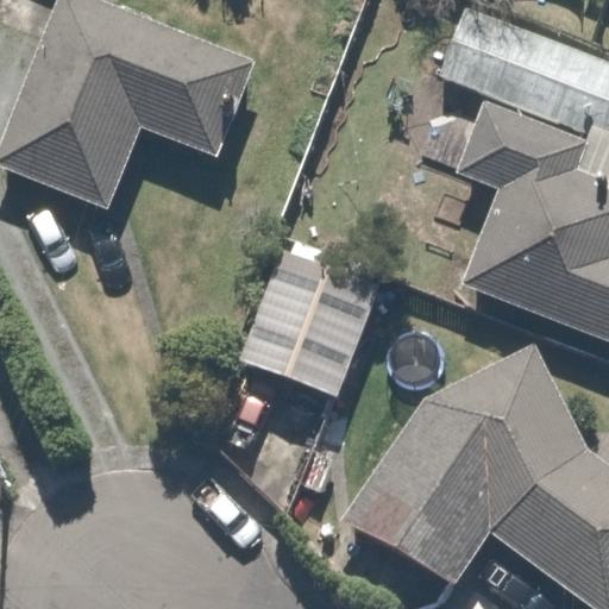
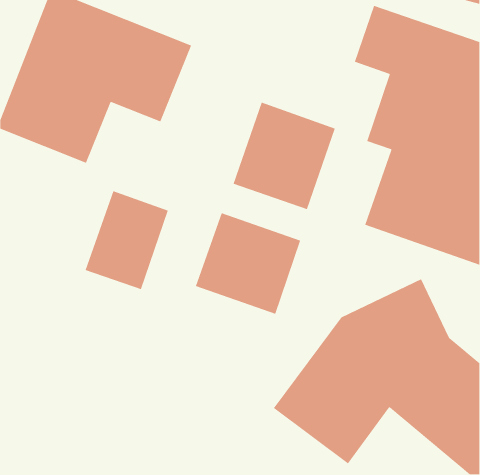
building: none -> [232,102,336,210]
building: none -> [85,190,169,290]

